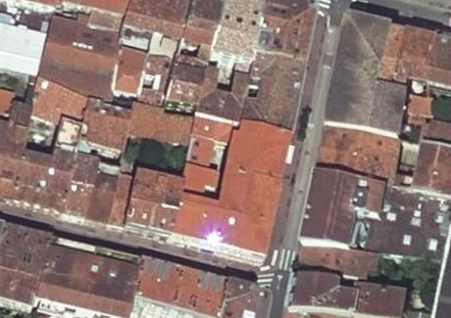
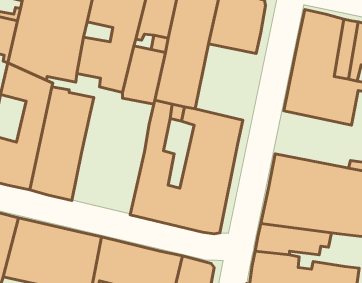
building: [235,50,300,132] -> none
building: [122,95,191,136] -> none
building: [320,122,402,182] -> none
building: [103,164,181,233] -> none

